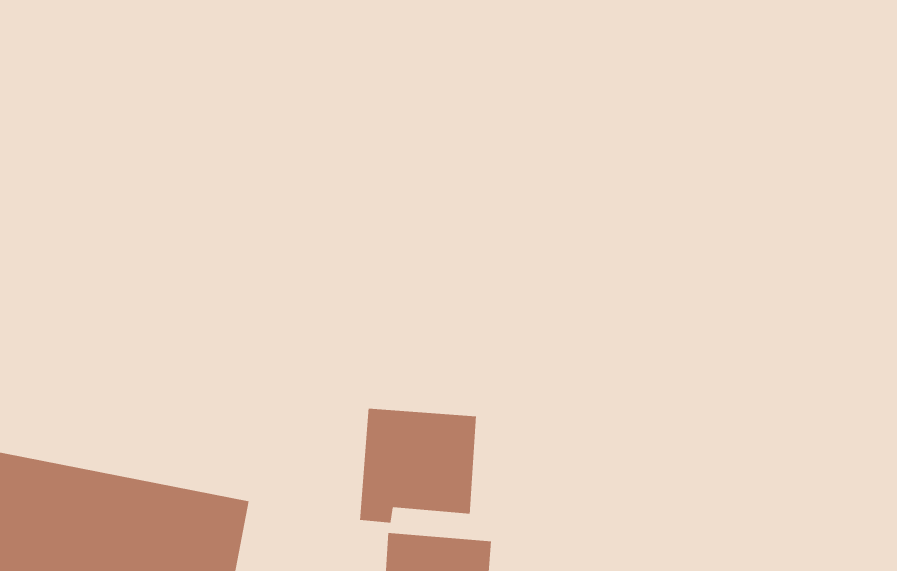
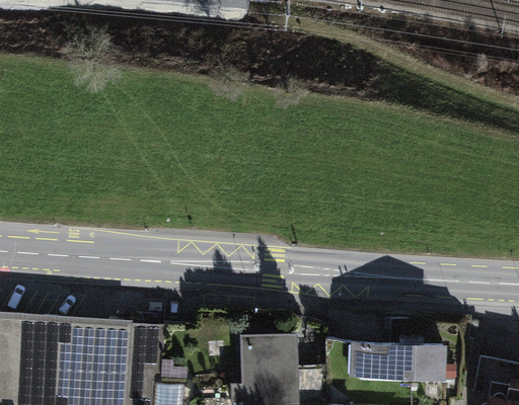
building: [360,408,477,524] -> none

